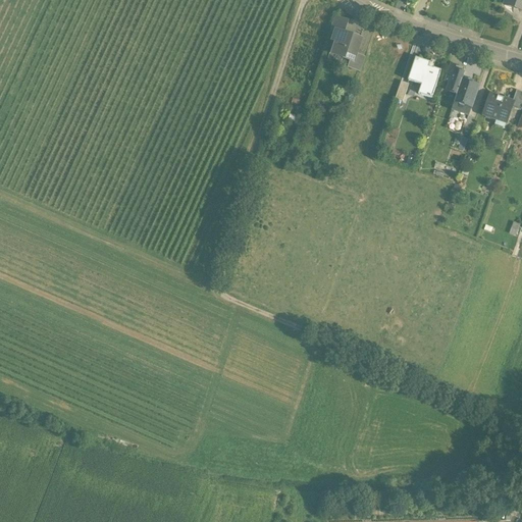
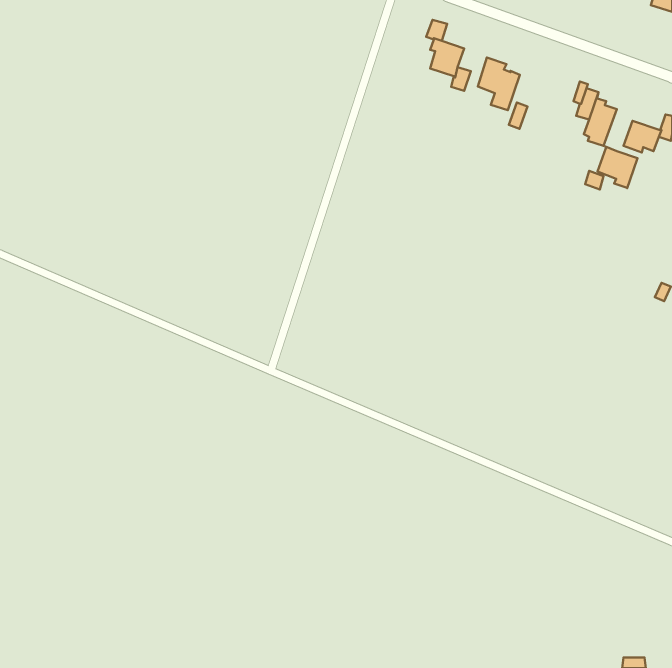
building: [408,56,440,97] -> [478,58,520,110]
building: none -> [598,146,637,188]

